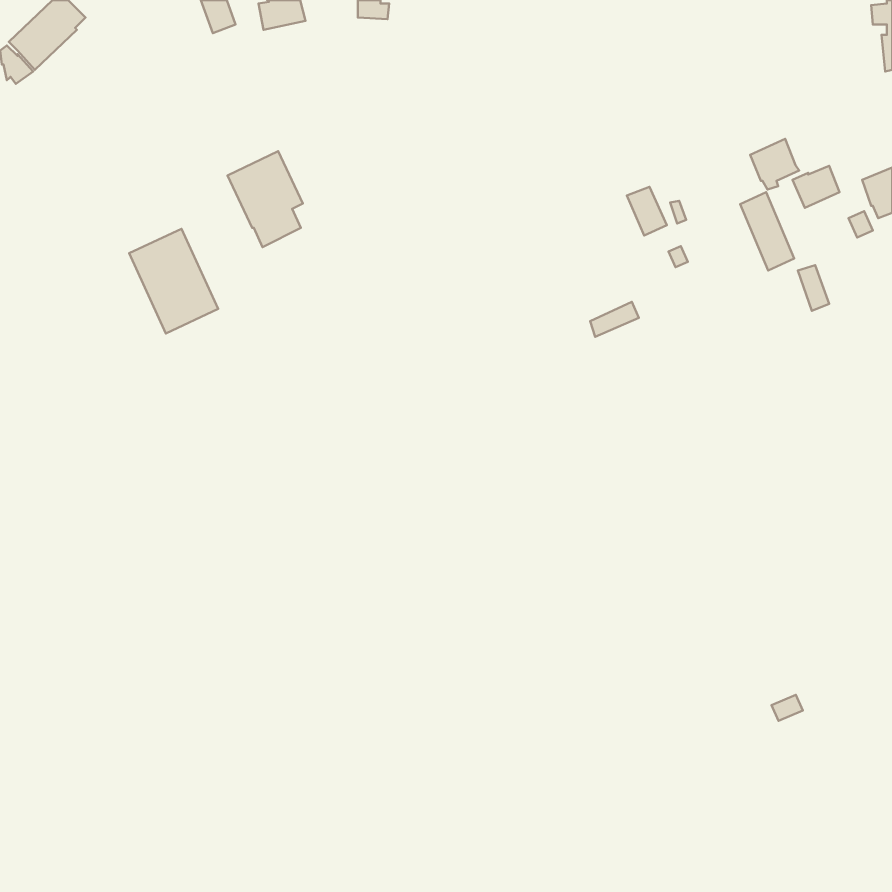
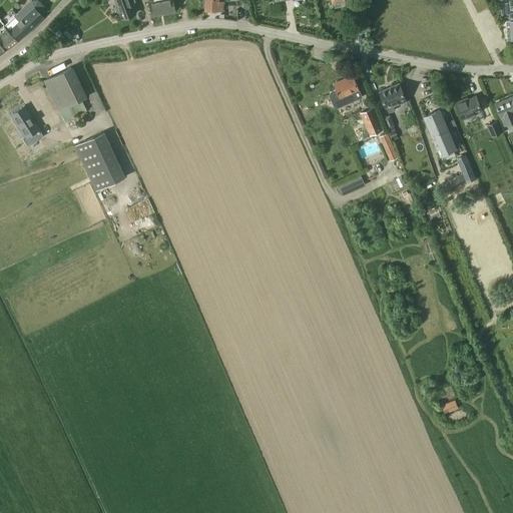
building: none -> [330,75,362,108]
building: [750,139,799,190] -> [379,83,407,112]
building: [228,151,303,247] -> [44,66,87,121]
building: none -> [11,105,43,145]

